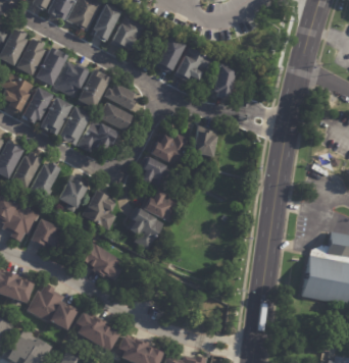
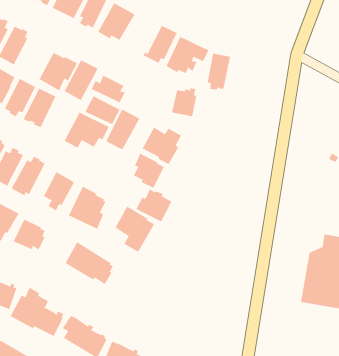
building: [36,47,68,86] -> none
building: [61,106,94,145] -> [106,109,140,150]
building: [194,128,218,156] -> [171,88,197,117]

